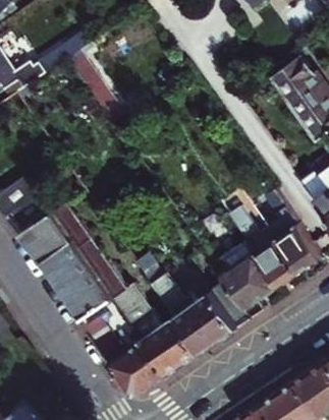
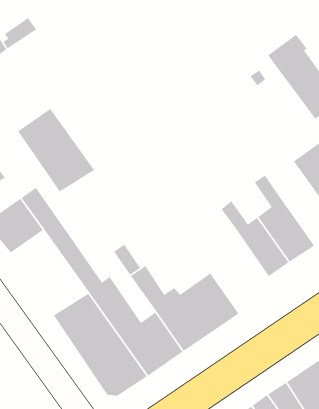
building: [217,241,276,320] -> none
building: [41,244,112,321] -> [17,108,95,192]

